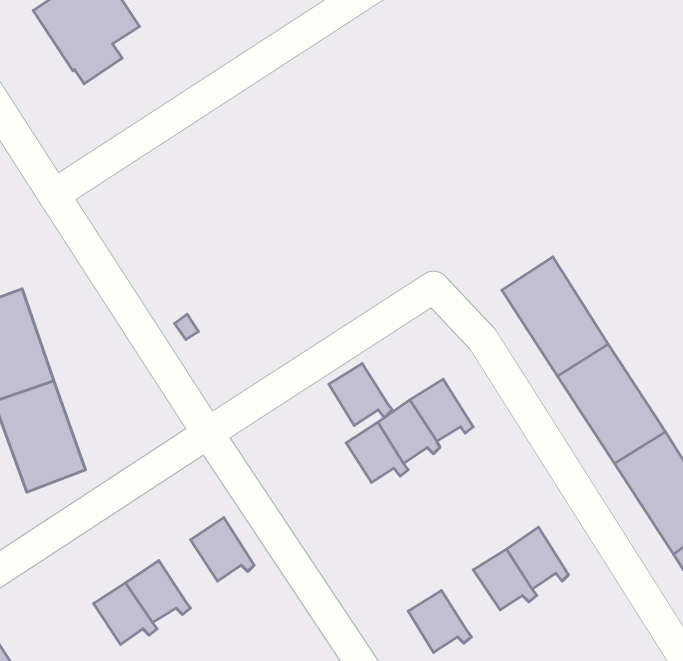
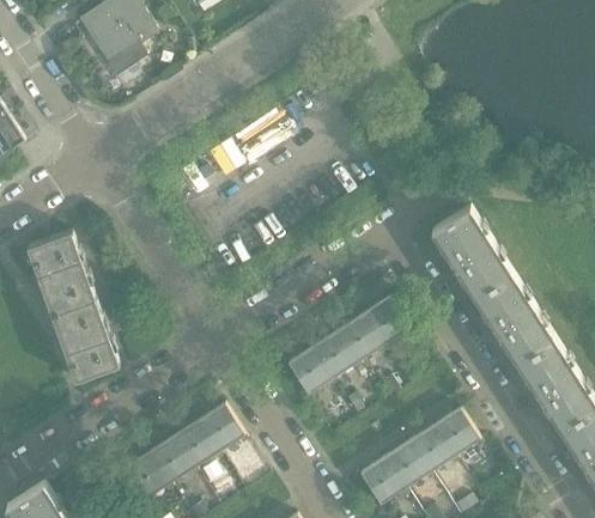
building: [329,364,392,426] -> [287,346,335,392]
building: none -> [171,419,218,465]
building: none -> [384,441,431,487]

